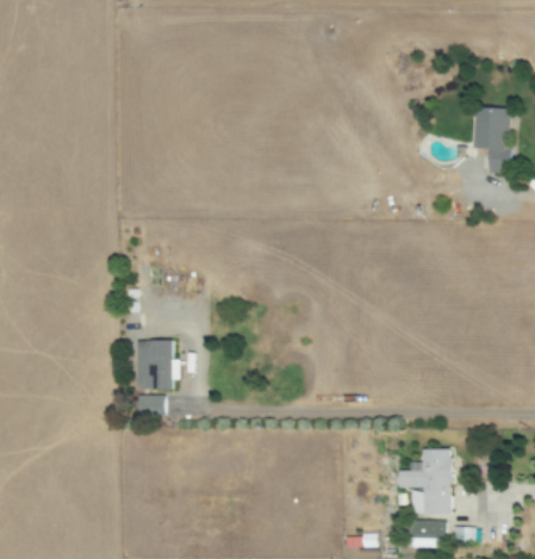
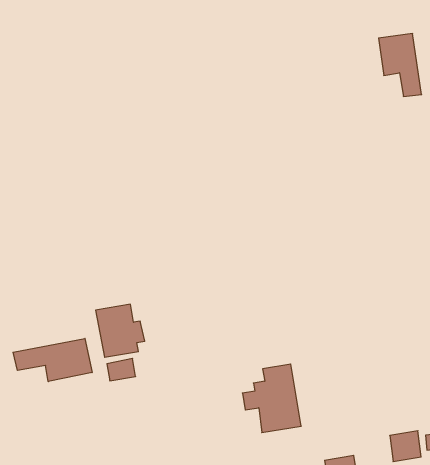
building: none -> [13,338,92,382]
building: [397,448,452,514] -> [242,364,301,433]

